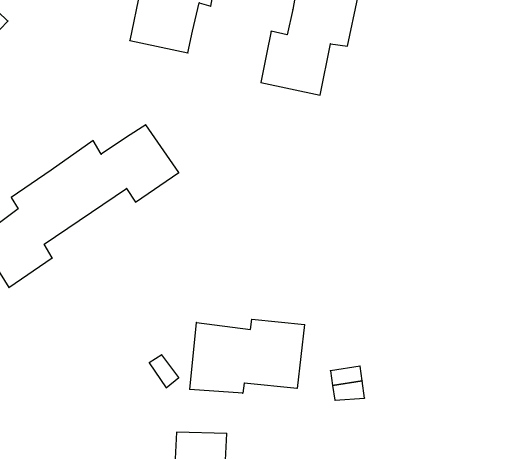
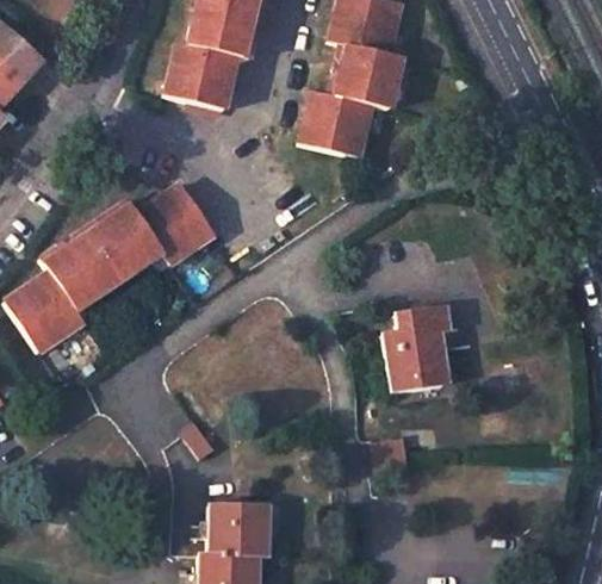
building: none -> [384,306,449,392]
building: [190,319,305,393] -> none

